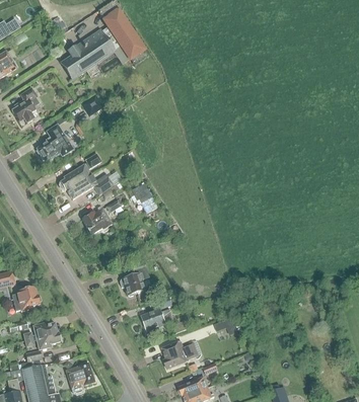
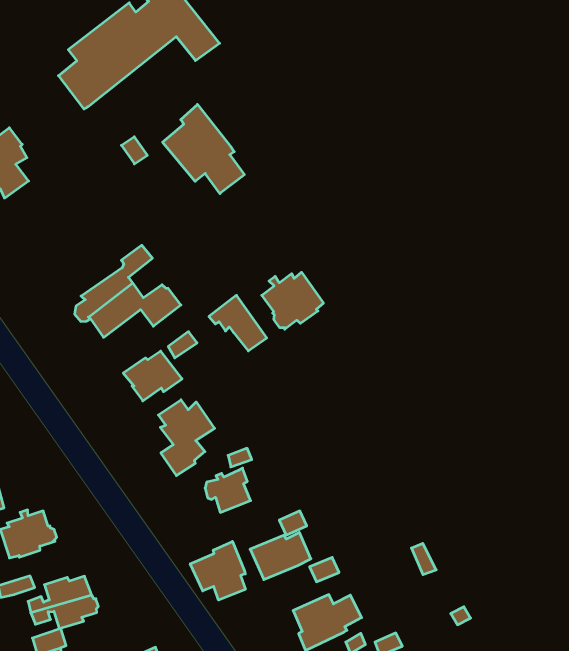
building: none -> [163,104,244,194]
building: [34,124,73,164] -> none
building: none -> [262,272,323,329]
building: none -> [158,400,215,476]
building: none -> [190,541,245,600]

